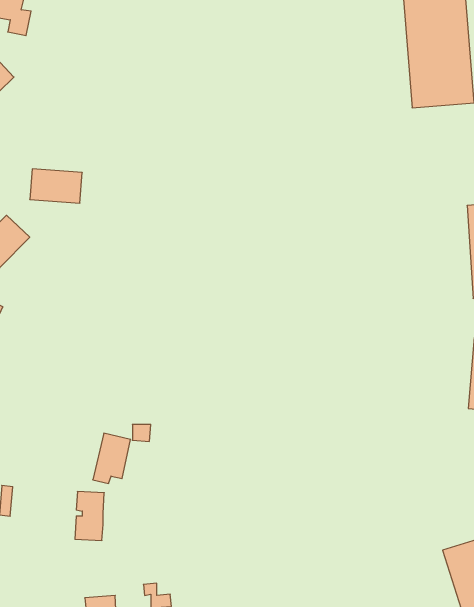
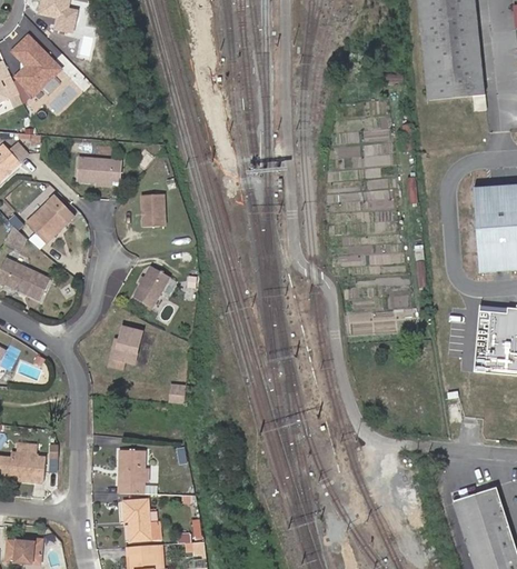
building: none -> [142,193,168,227]
building: none -> [133,264,172,309]
building: [93,433,131,483] -> [110,323,145,369]
building: none -> [123,497,150,538]

